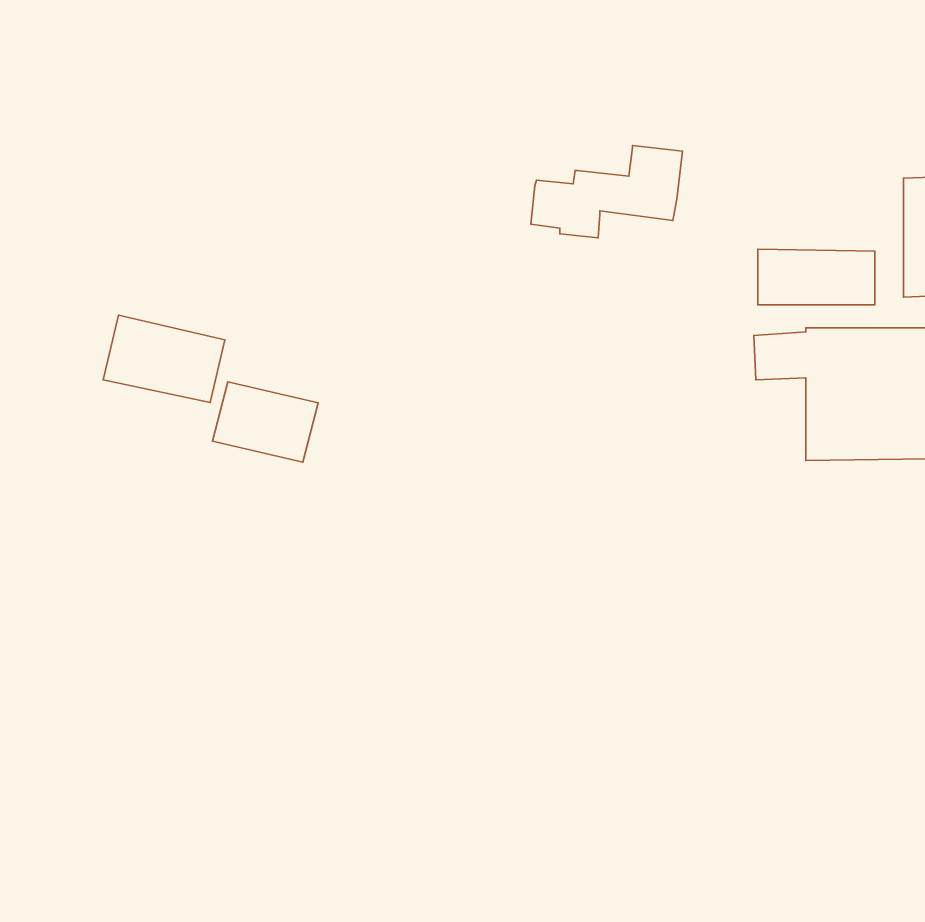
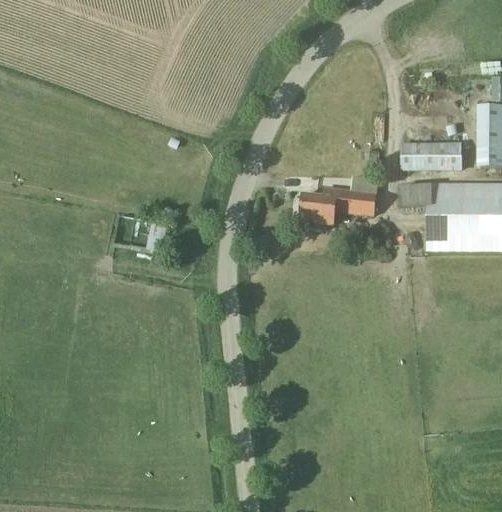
building: [531,146,683,238] -> [300,175,379,223]
building: [103,315,225,403] -> none

